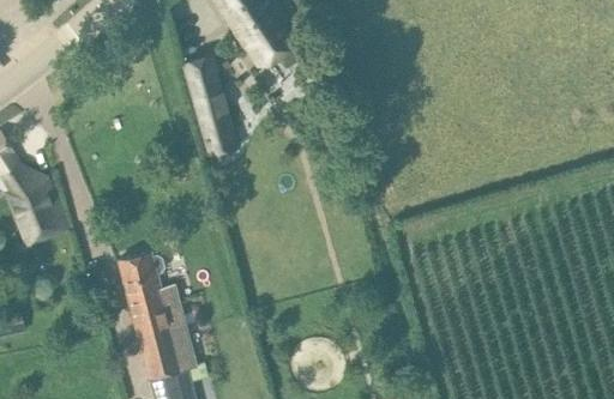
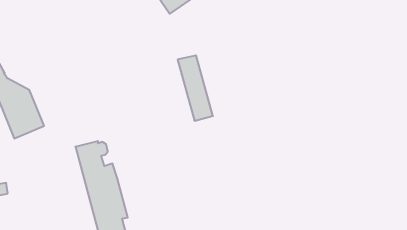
building: [183,55,236,152] -> [178,55,213,121]

